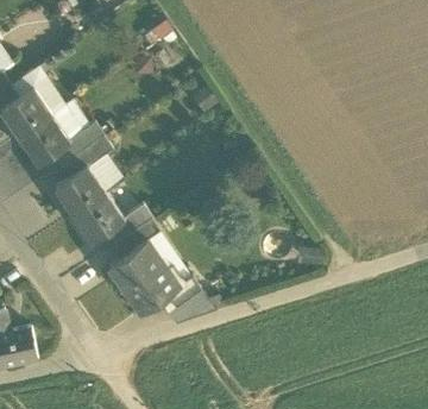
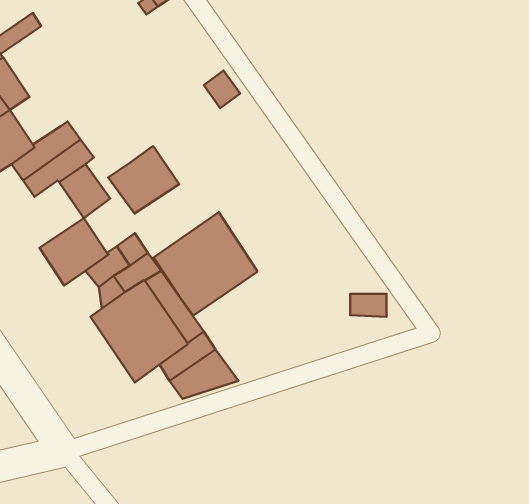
building: [49,101,86,139] -> none
building: [51,165,102,214] -> [108,146,179,214]
building: none -> [154,212,257,315]

